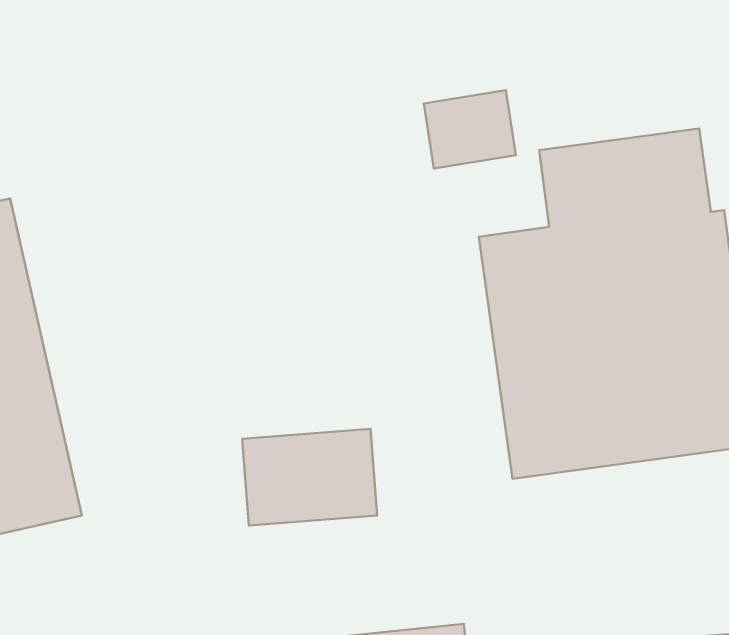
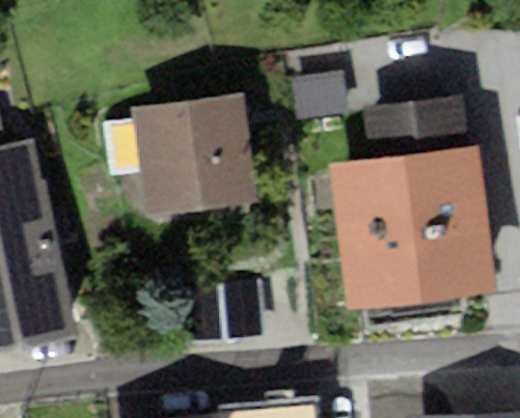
building: none -> [133,94,258,218]

